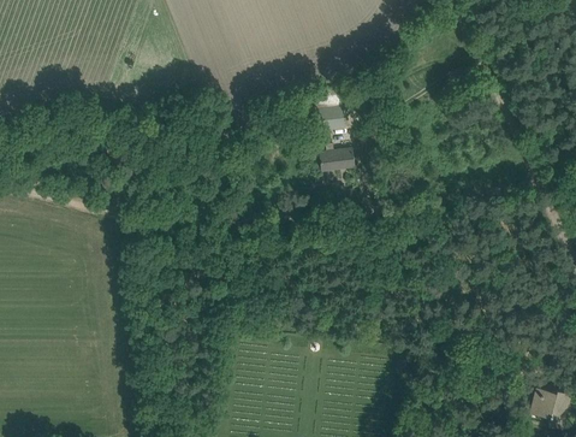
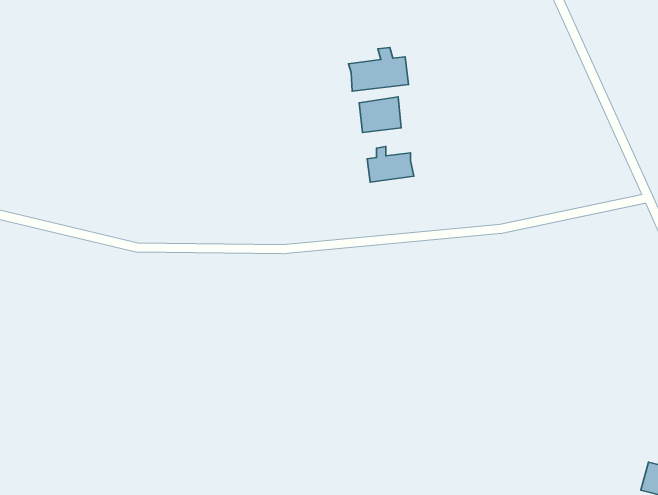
building: none -> [349,48,409,91]

